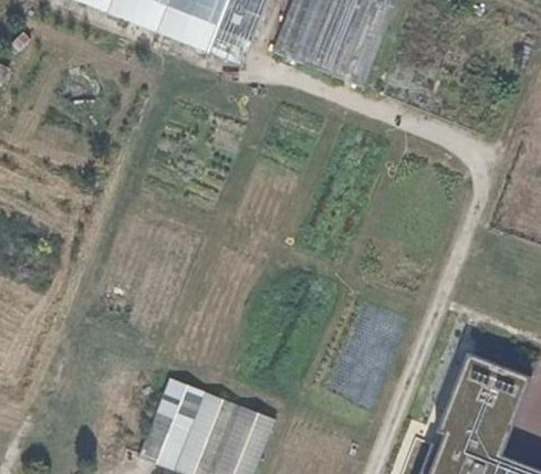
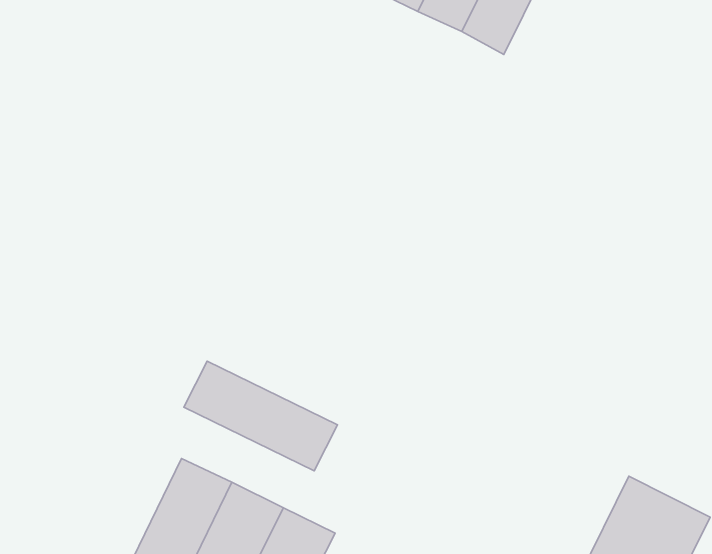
building: none -> [184,361,338,471]

